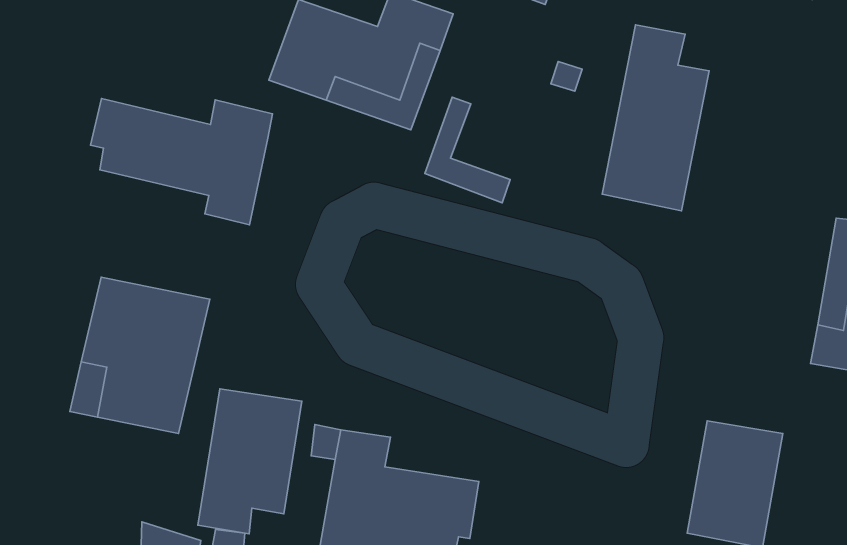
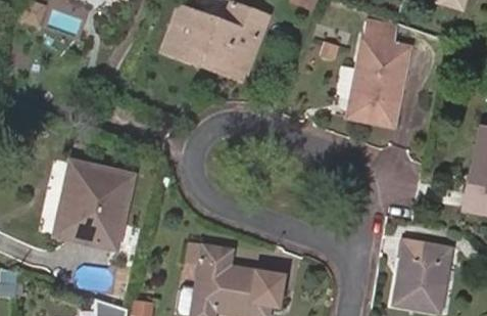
building: [425,97,510,203] -> none
building: [91,99,273,225] -> none
building: [198,389,302,534] -> none

